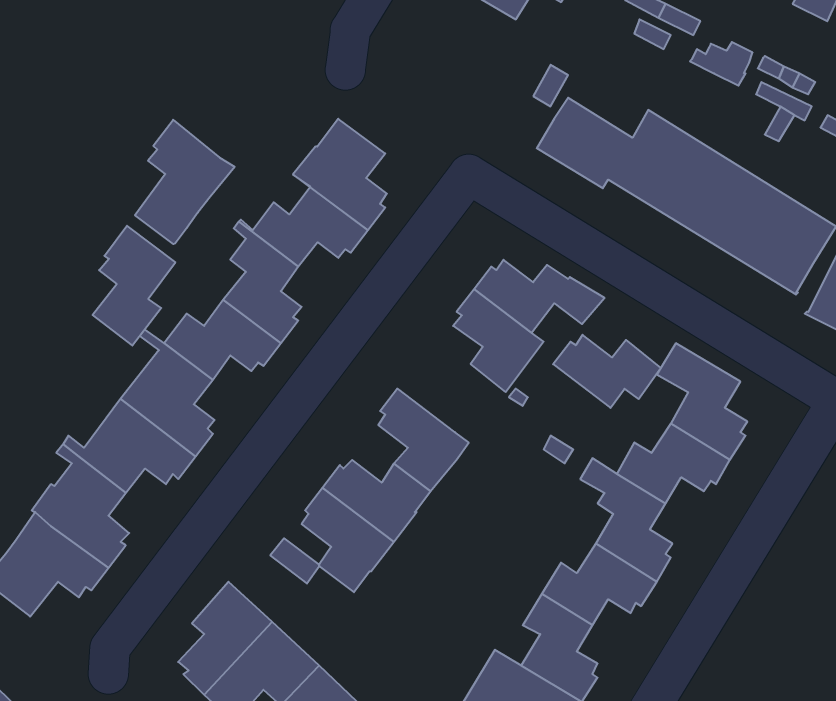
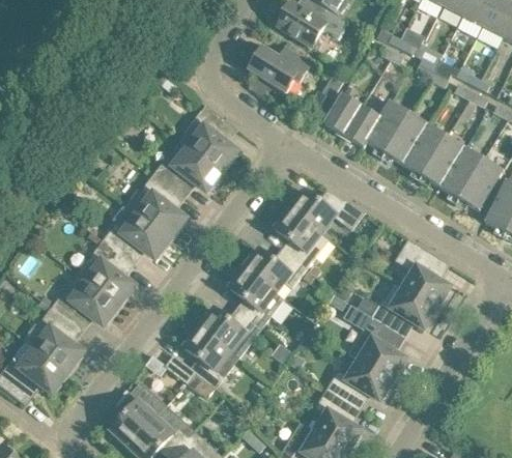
building: none -> [247,46,311,92]
building: [135,120,235,244] -> none
building: [93,226,175,346] -> none
building: [553,335,661,408] -> [240,249,305,292]

